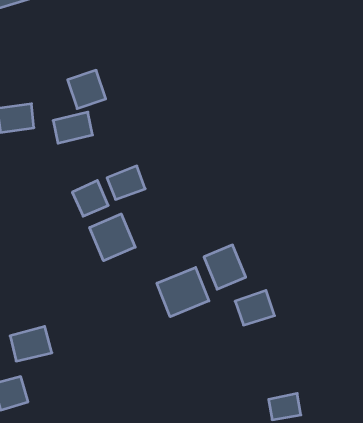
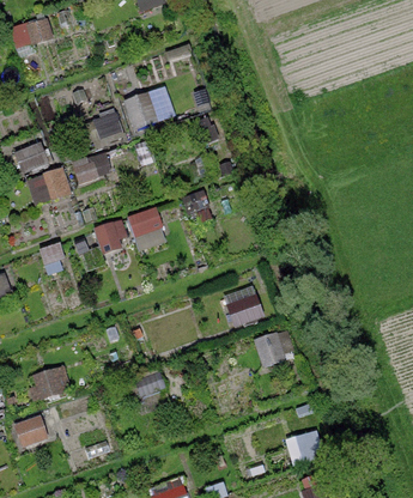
building: none -> [123,87,172,128]
building: none -> [25,165,72,207]
building: [90,214,135,261] -> none
building: [157,267,209,317] -> none

